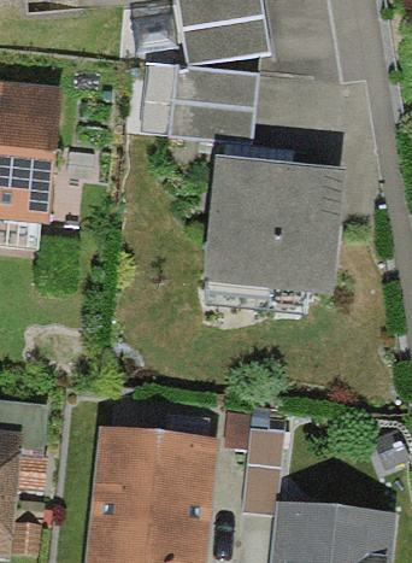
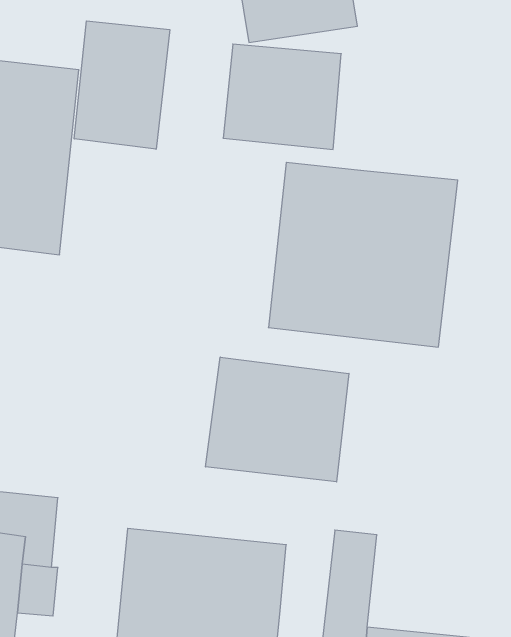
building: none -> [74,21,170,149]
building: none -> [206,357,349,482]

